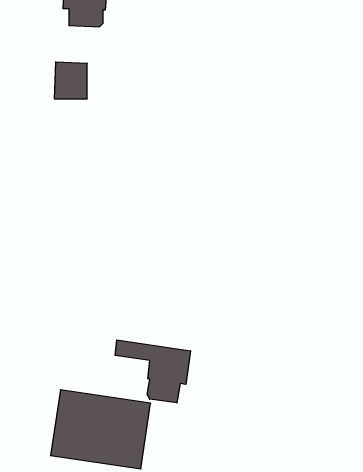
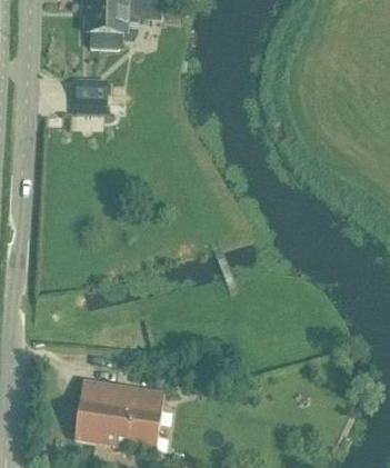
building: [115,340,190,403] -> none

